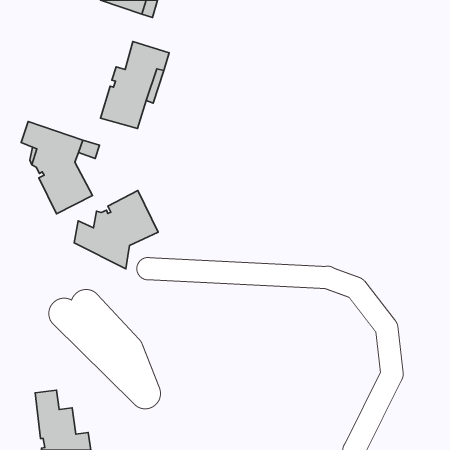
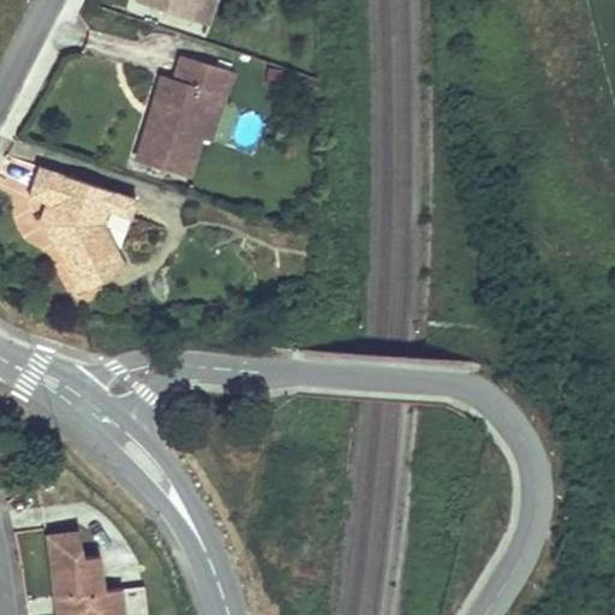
building: [74,191,158,269] -> none

